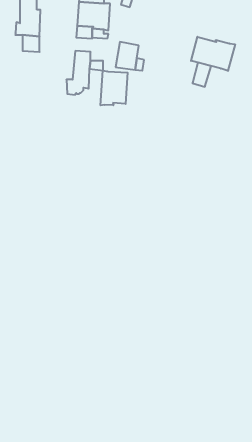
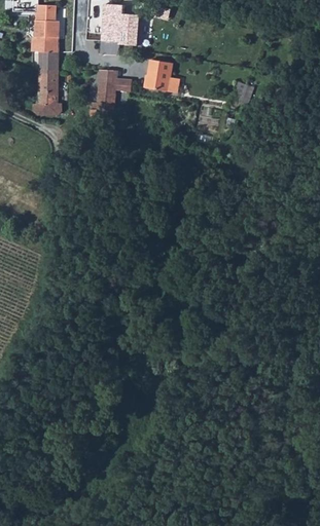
building: [191,37,235,71] -> none
building: none -> [37,69,58,110]
building: [101,71,128,105] -> none

